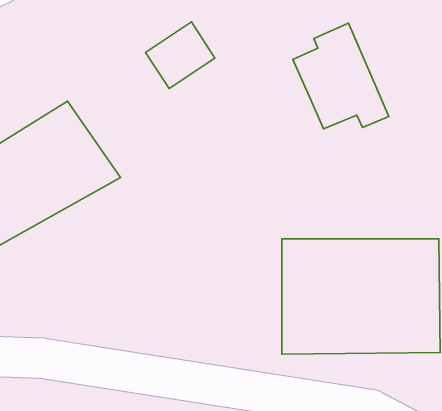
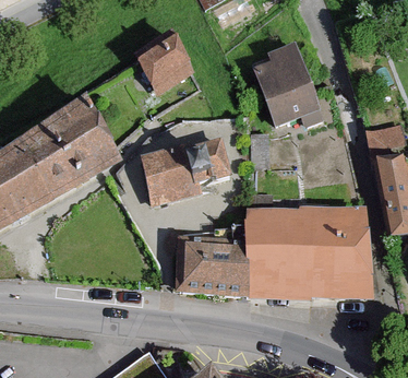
building: none -> [139,129,232,202]
building: none -> [177,231,245,299]

